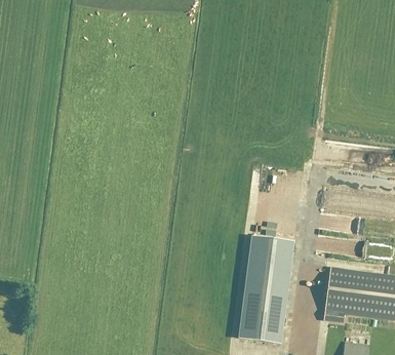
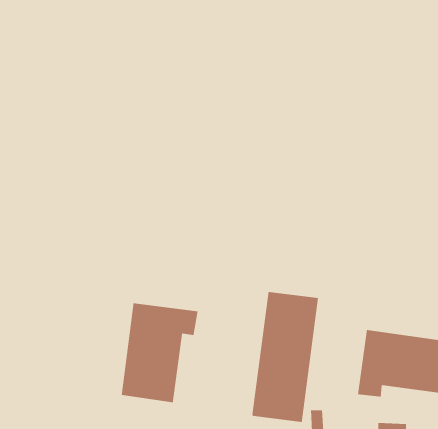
building: none -> [121,302,198,403]

